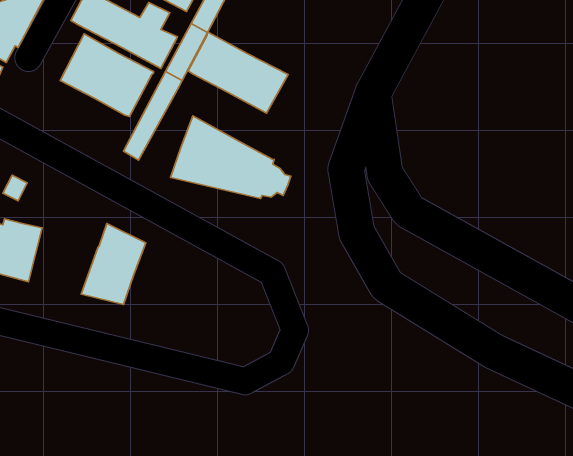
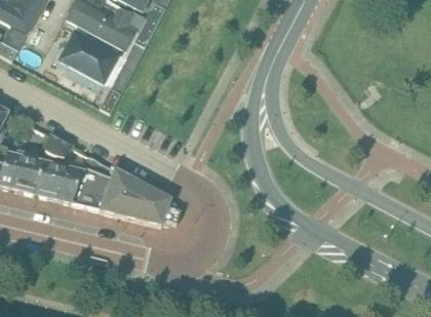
building: [188,33,288,113] -> none
building: [170,116,291,199] -> [99,169,181,226]
building: none -> [34,134,82,204]

